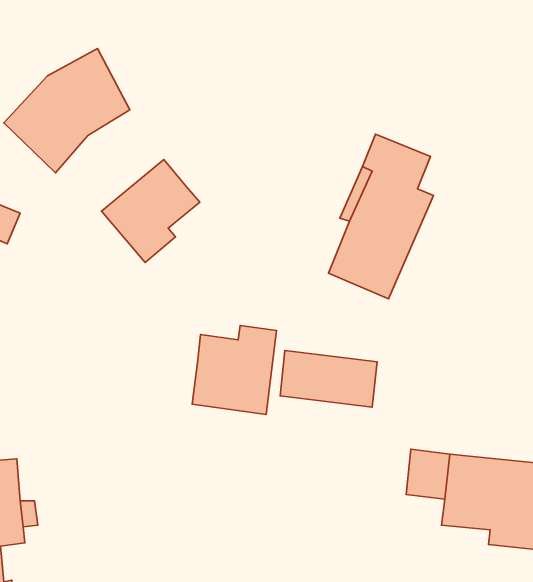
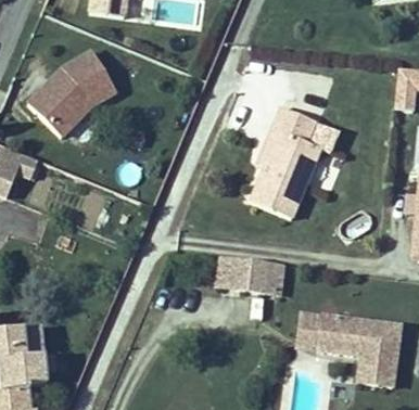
building: [102,160,200,262] -> none
building: [192,326,276,414] -> none

